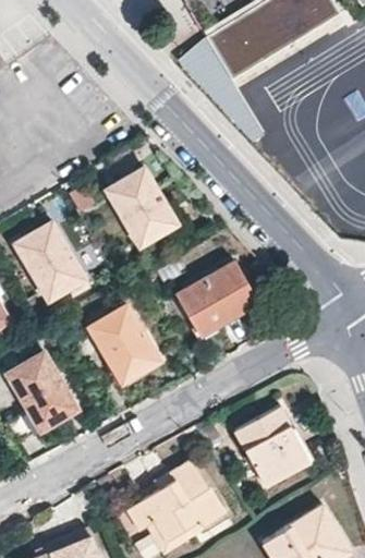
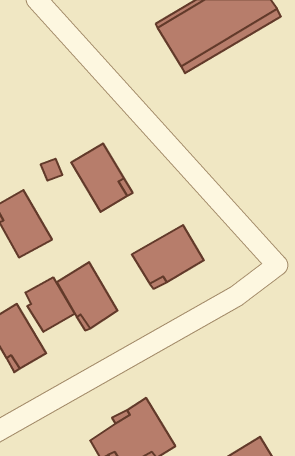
building: none -> [25,277,75,332]
building: [234,408,309,486] -> none

